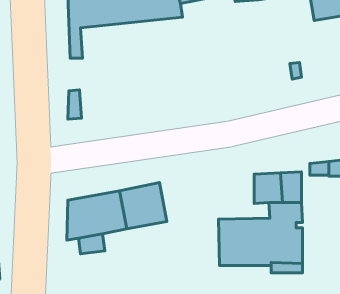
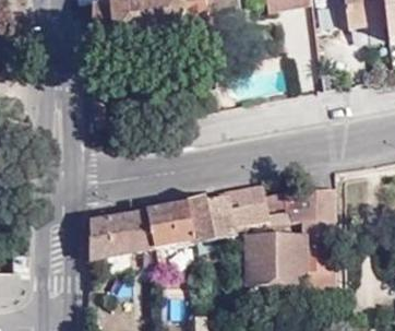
building: none -> [185,184,263,241]

